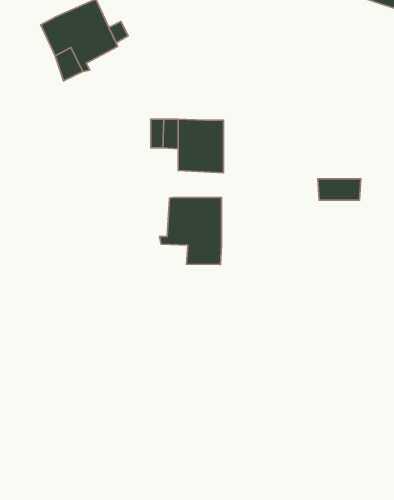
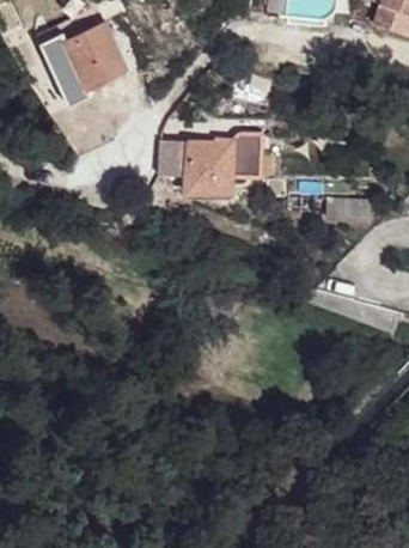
building: none -> [233,136,262,178]
building: [159,198,222,264] -> none

